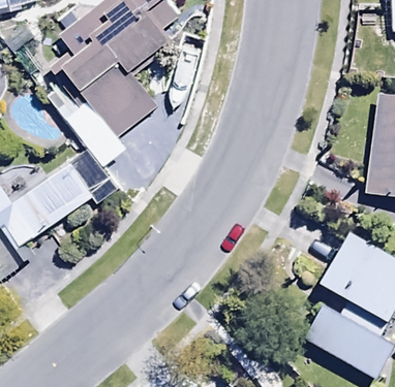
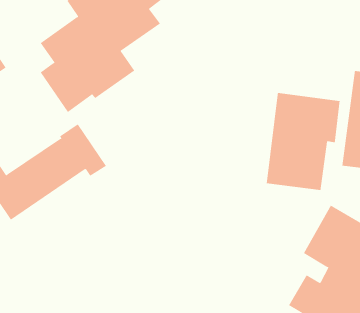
building: none -> [266,92,340,191]

